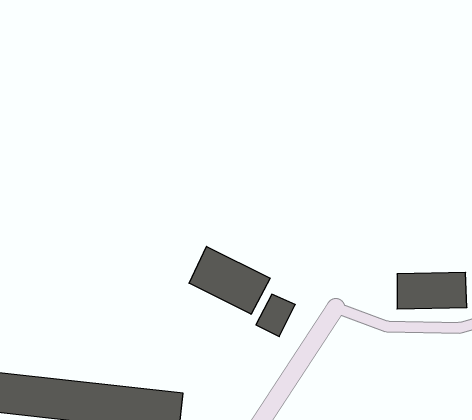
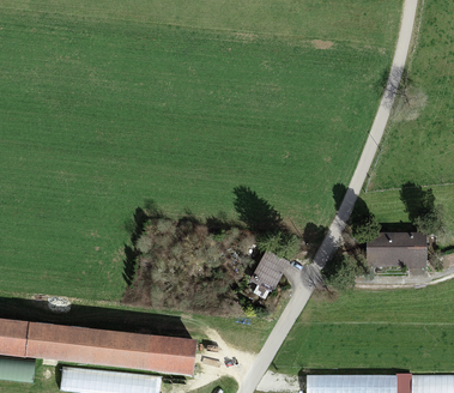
building: [189,246,270,314] -> none

